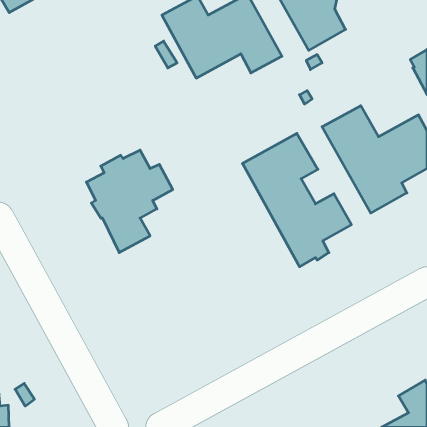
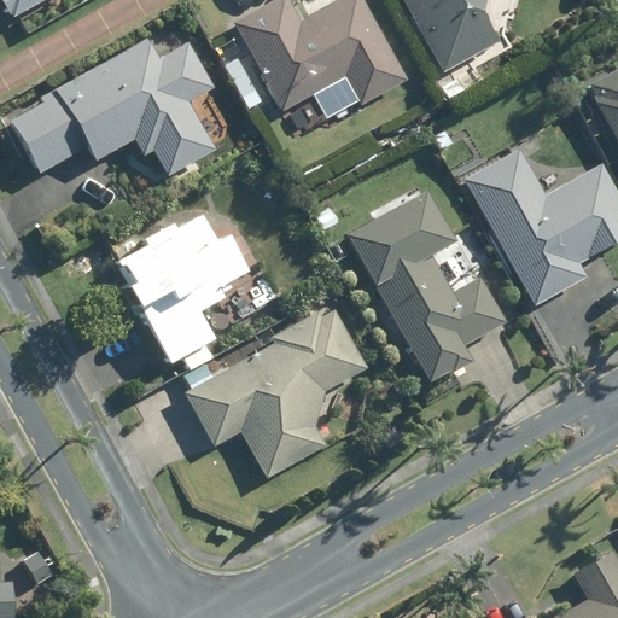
building: none -> [11,37,215,175]
building: none -> [186,310,366,477]

